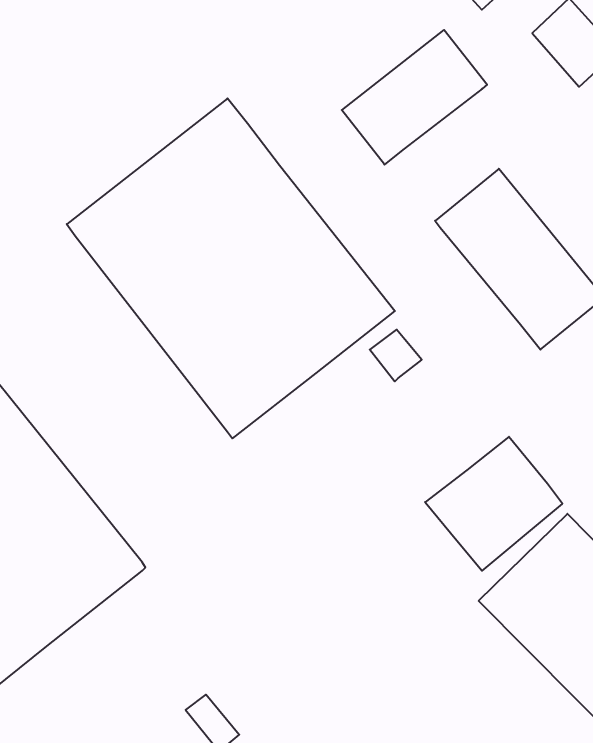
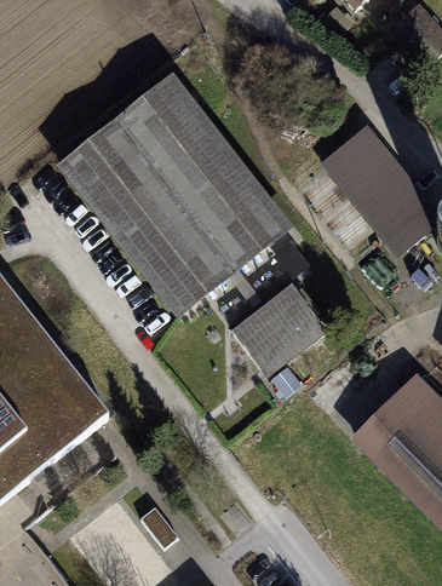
building: [342,30,487,165] -> none
building: [425,437,562,571] -> [228,277,327,374]

